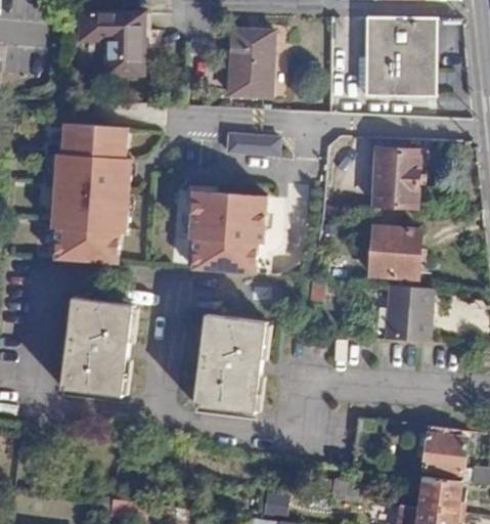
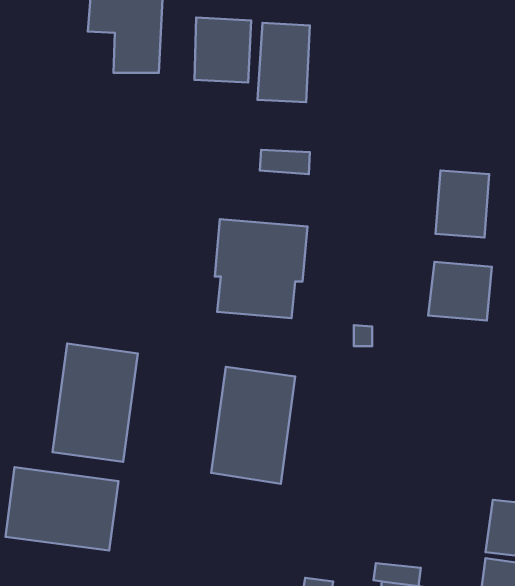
building: [365,18,438,97] -> none
building: none -> [194,18,251,82]
building: [53,121,133,263] -> none
building: [387,288,437,347] -> none
building: none -> [5,467,118,551]

